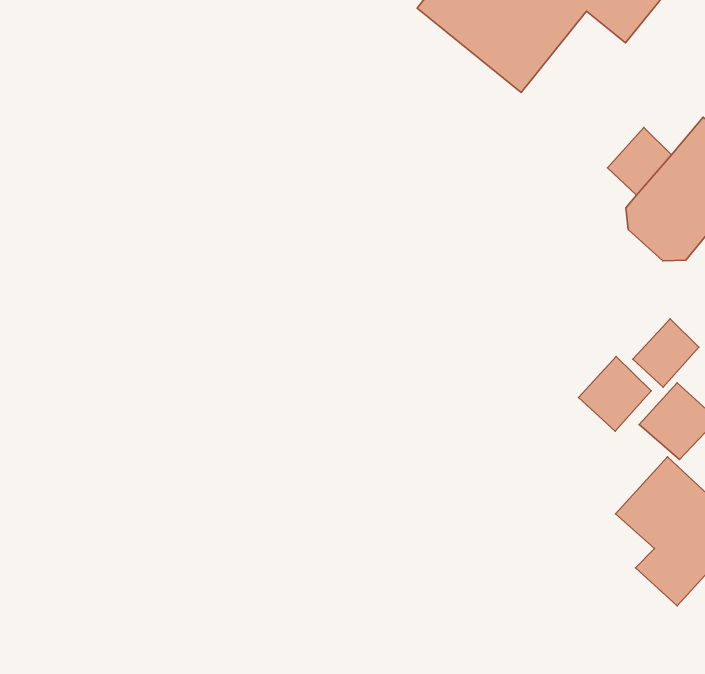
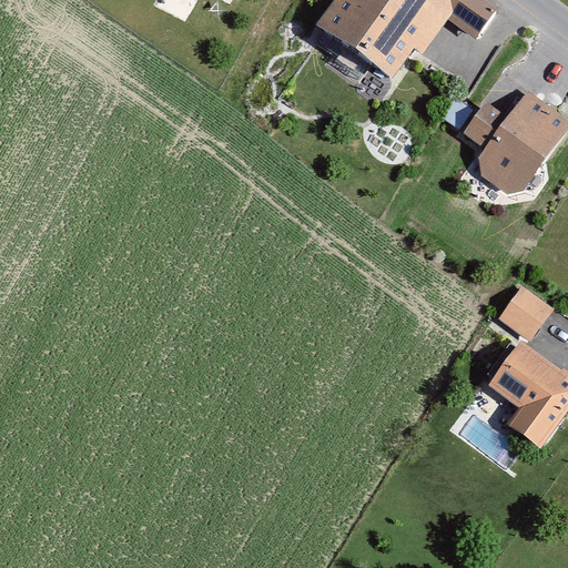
building: [633,319,699,387] -> none
building: [579,357,651,431] -> none

